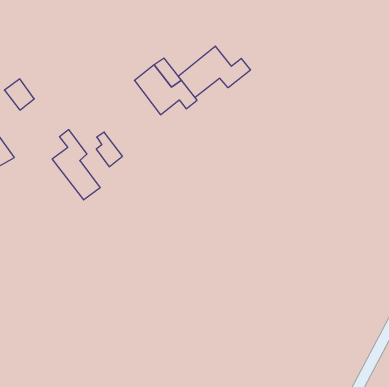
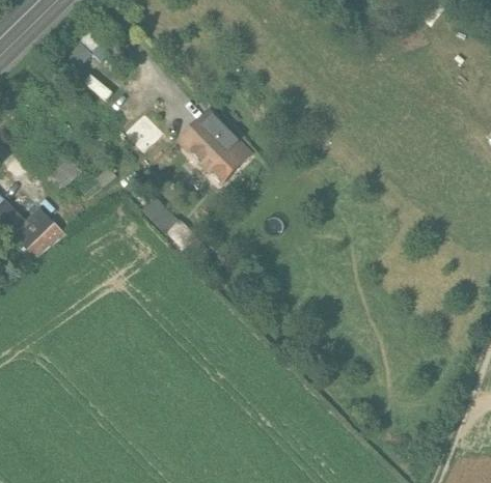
building: [178,46,250,98] -> none
building: [52,130,100,200] -> none

